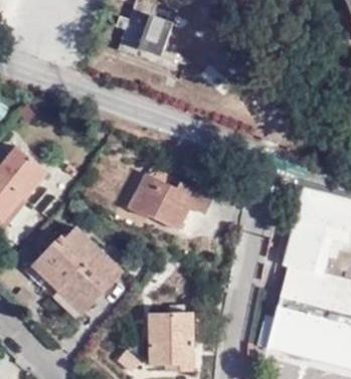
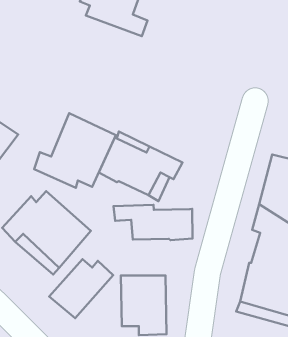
building: none -> [34,113,116,188]
building: none -> [114,205,193,240]
building: none -> [49,259,113,318]

